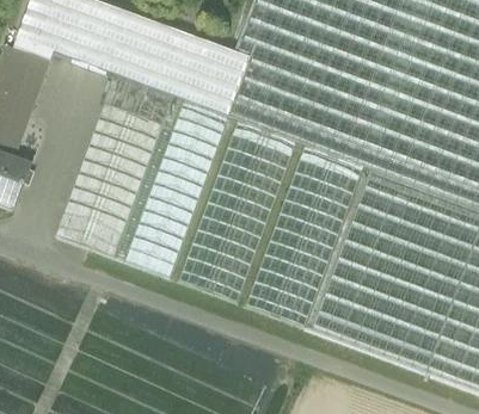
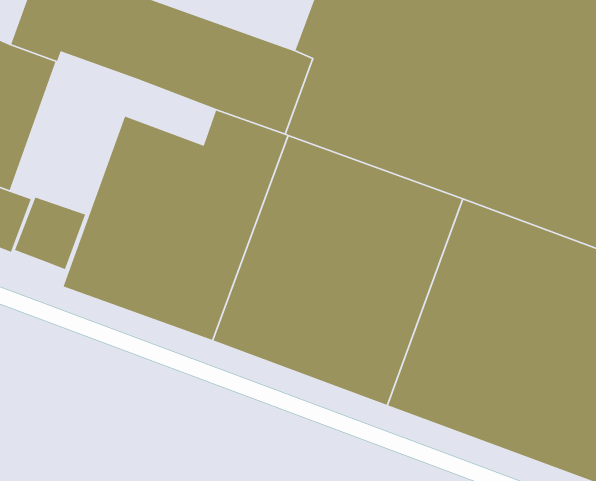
building: [104,74,174,124] -> none
building: none -> [14,196,86,270]

